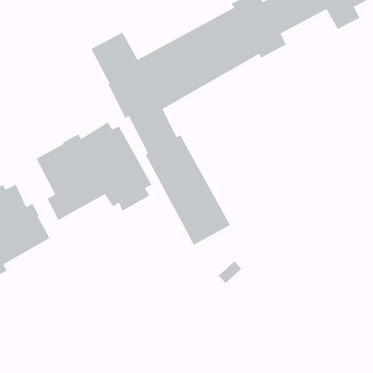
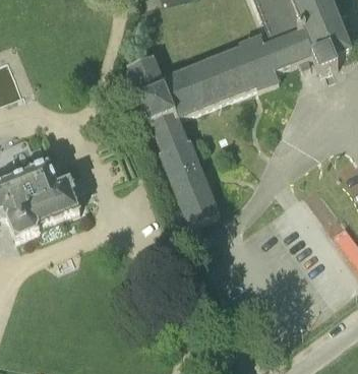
building: [36,122,152,221] -> none

